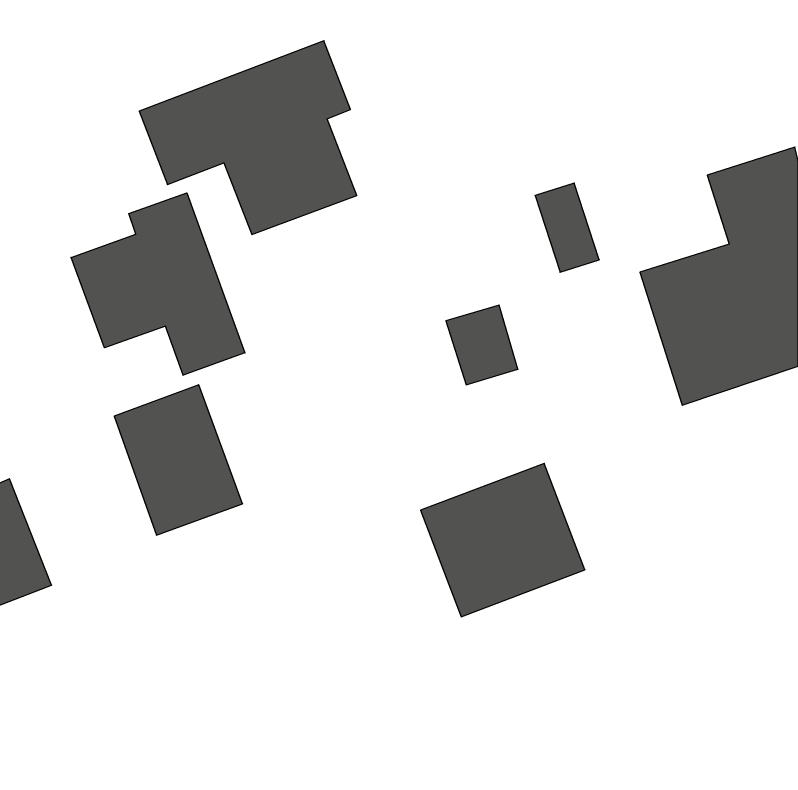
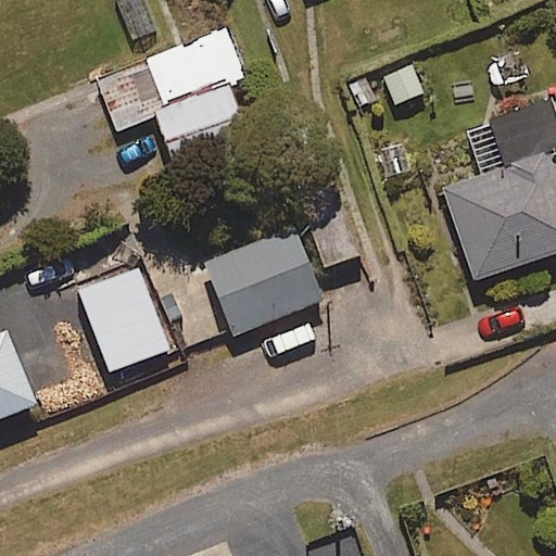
building: [71,193,245,375] -> none
building: [421,463,585,617] -> [207,227,321,333]

